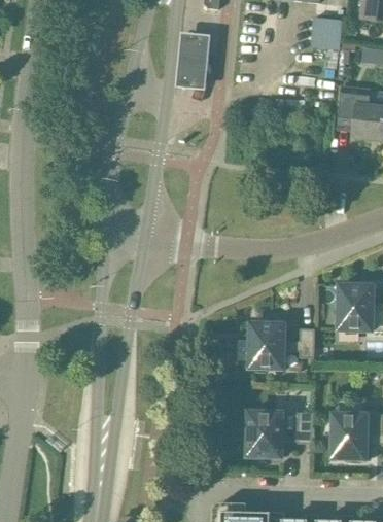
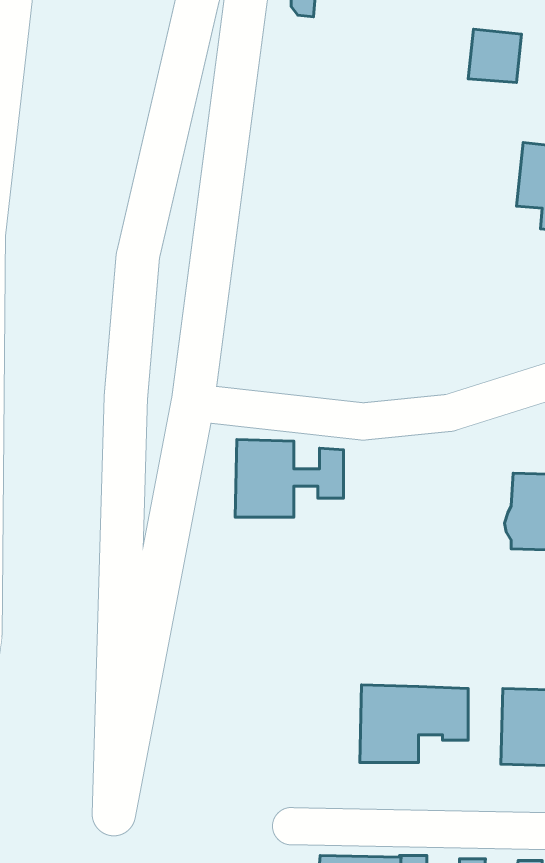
building: [179,34,210,89] -> none
building: [248,322,313,369] -> [235,440,344,517]

